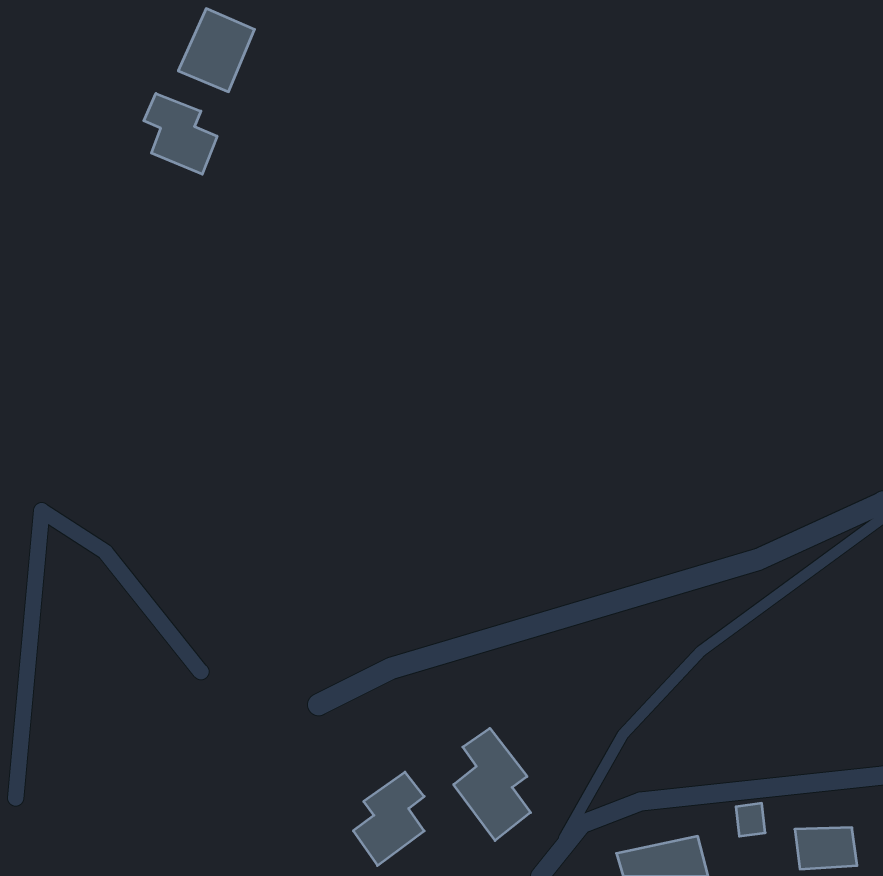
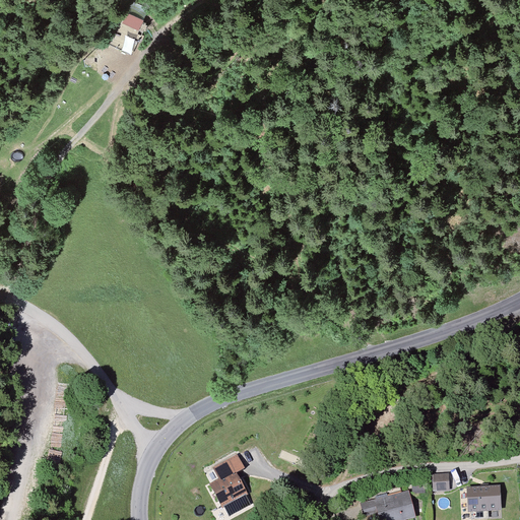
building: [144,93,217,174] -> none
building: [454,728,531,841] -> none

